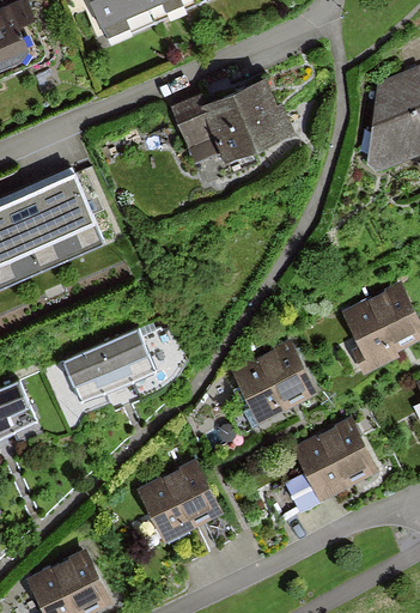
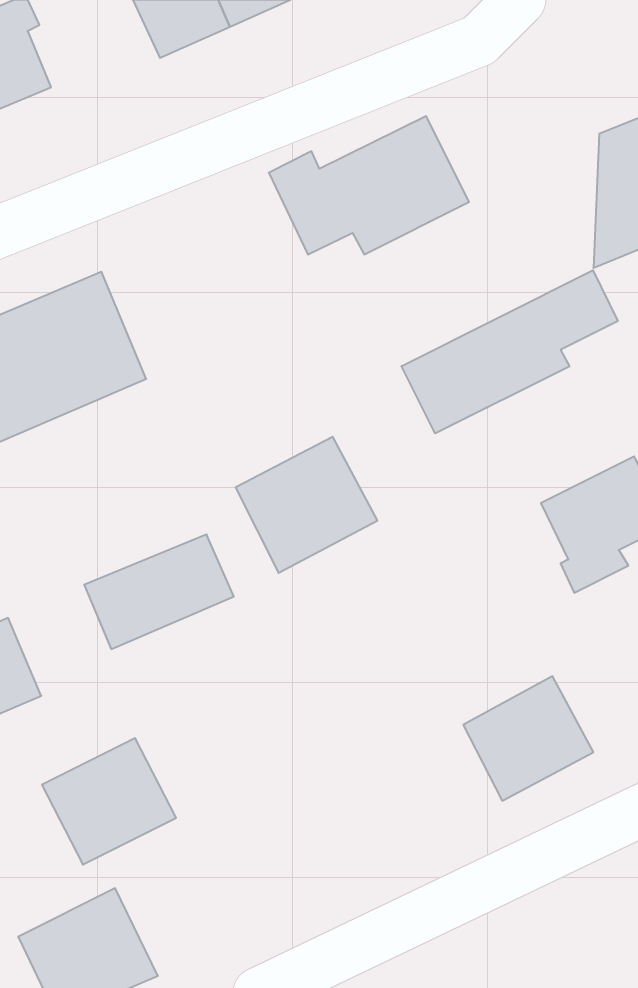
building: none -> [401,270,618,433]
building: [229,338,316,421] -> [236,437,377,573]
building: [136,459,219,536] -> [42,738,176,865]

